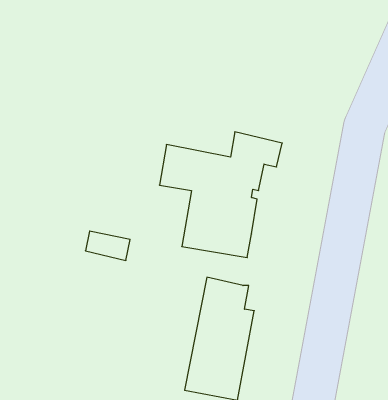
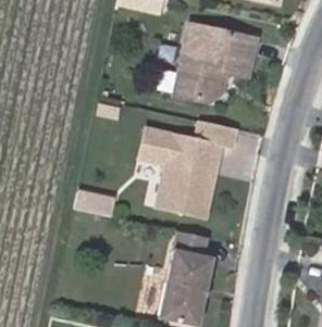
building: none -> [176,23,259,102]

